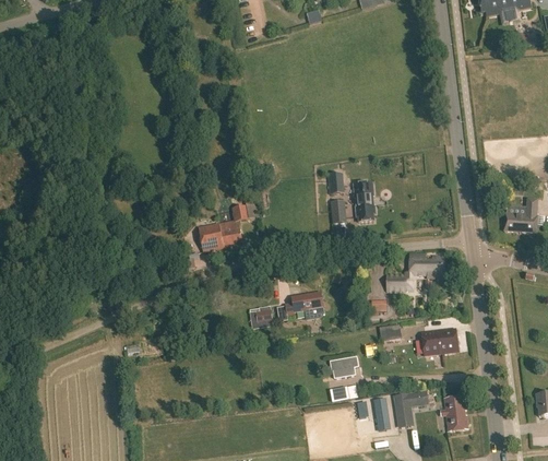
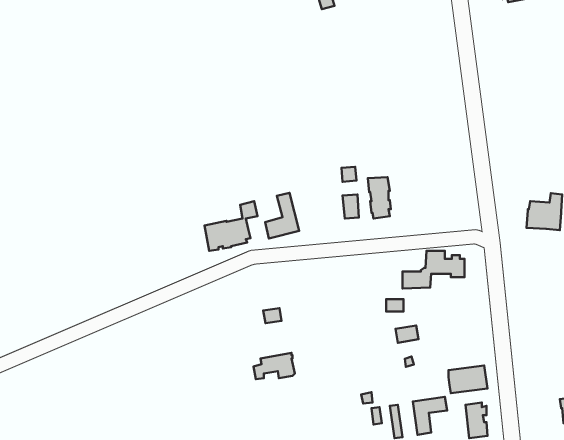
building: none -> [265,193,299,239]
building: [285,292,324,317] -> [254,353,295,379]
building: [422,329,460,355] -> [448,366,488,393]
building: [331,356,358,378] -> none

